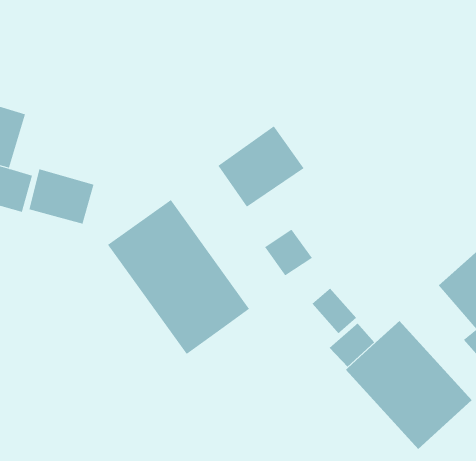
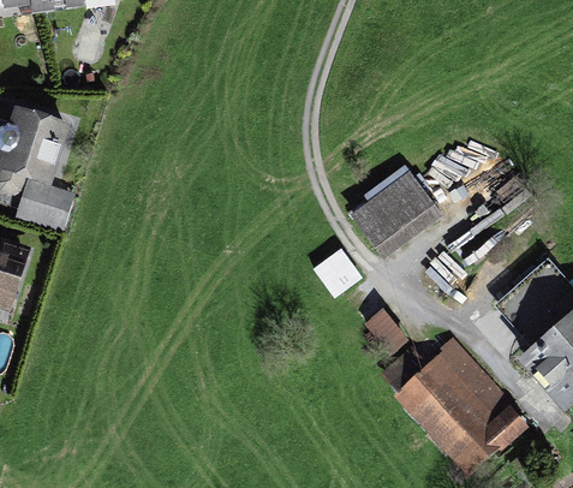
building: [218,125,304,208] -> [348,172,438,257]
building: [29,169,94,225] -> none
building: [107,199,250,355] -> none

